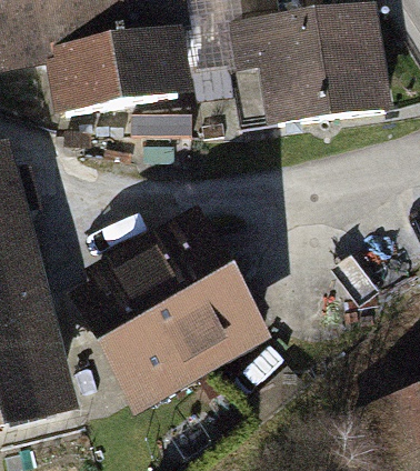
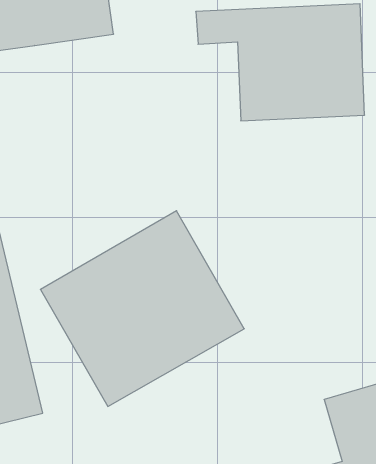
building: [63,47,201,129] -> none

